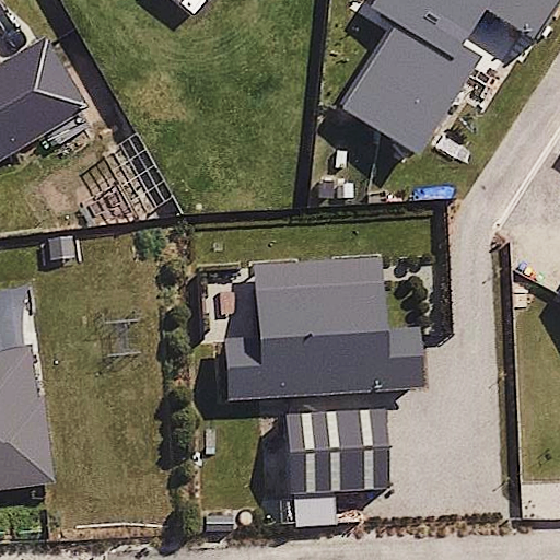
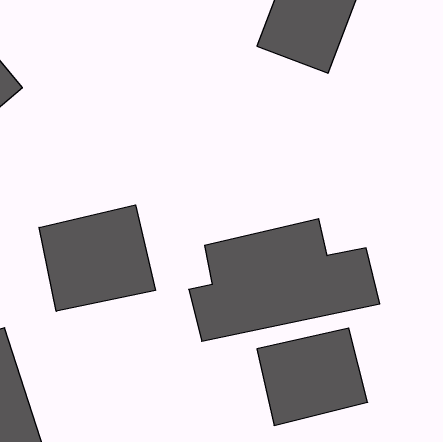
building: none -> [39,205,155,311]

